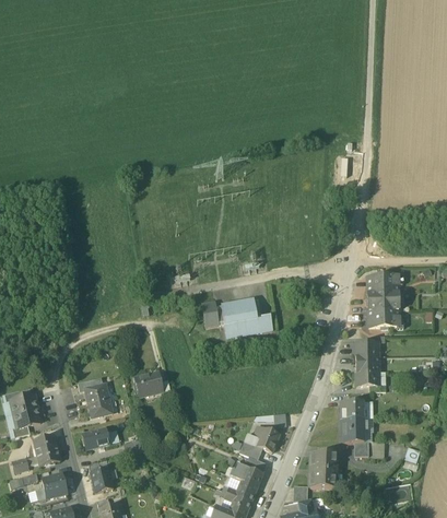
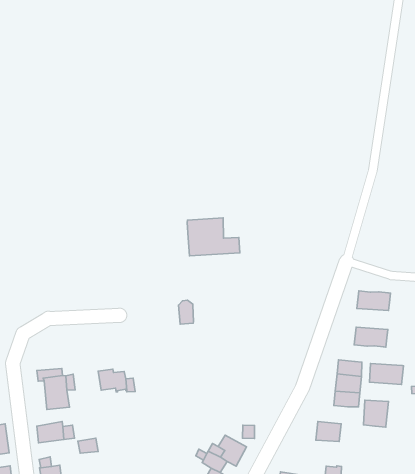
building: [367,293,398,311] -> [370,363,403,384]
building: [221,299,272,338] -> [187,218,240,256]
building: [342,419,364,443] -> [363,400,388,427]

